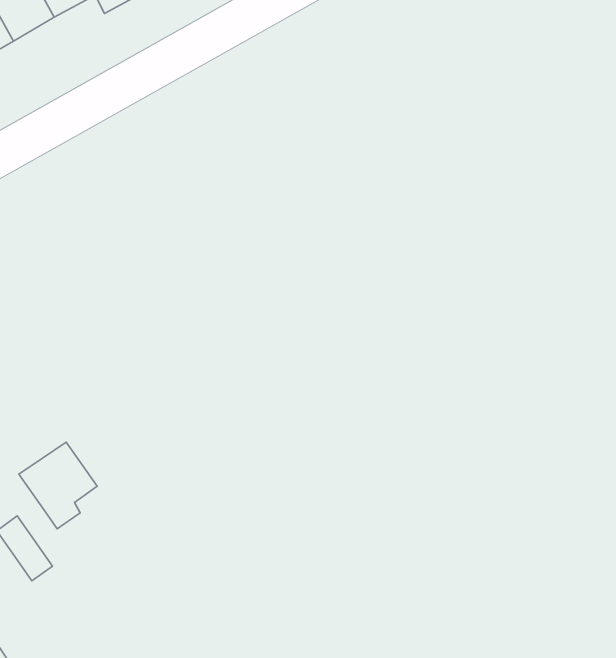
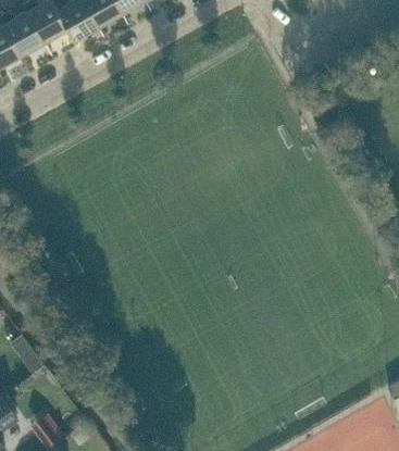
building: [19,442,97,529] -> none

